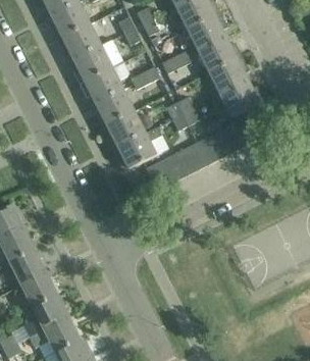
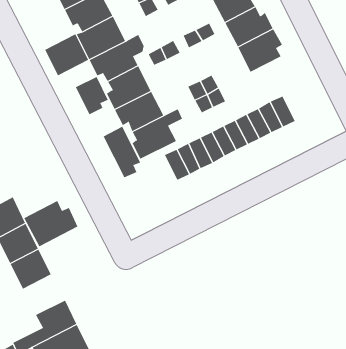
building: none -> [44,34,89,76]
building: [220,81,263,117] -> none
building: none -> [75,76,108,115]
building: none -> [103,126,141,178]
building: none -> [23,200,78,247]
building: [20,272,58,308] -> none

